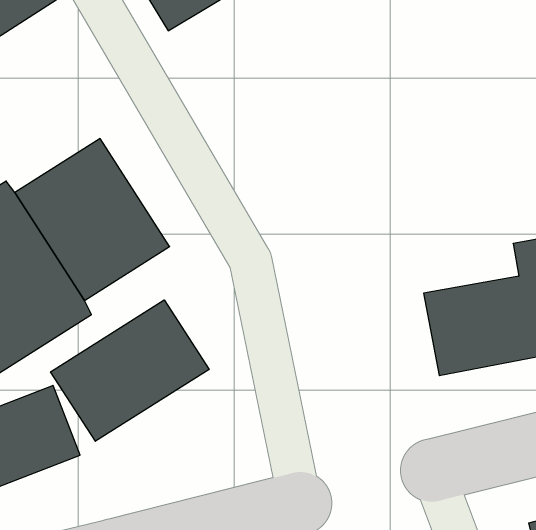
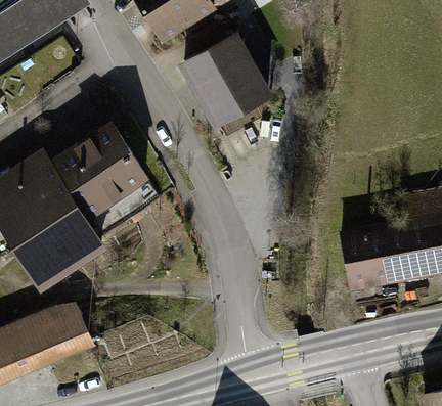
building: none -> [176,32,270,127]
building: [51,300,209,441] -> none

